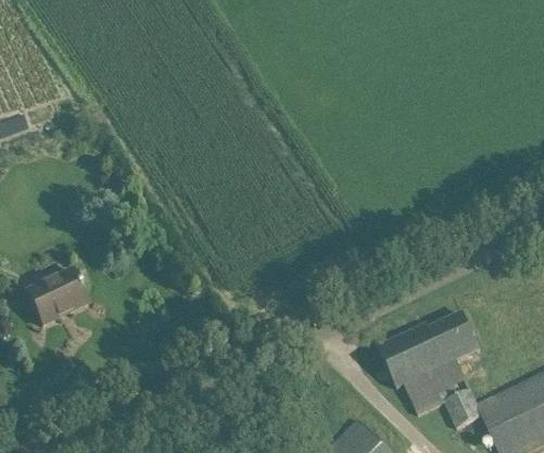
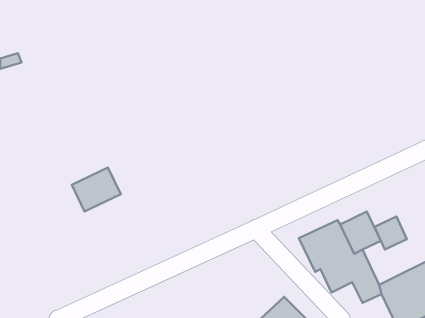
building: [26,269,88,325] -> [72,168,121,212]
building: none -> [374,217,407,250]

